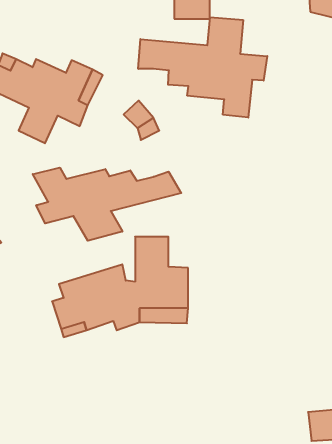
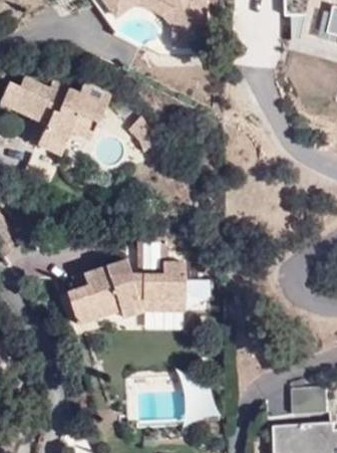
building: [138,17,267,118] -> none
building: [33,168,181,241] -> none

